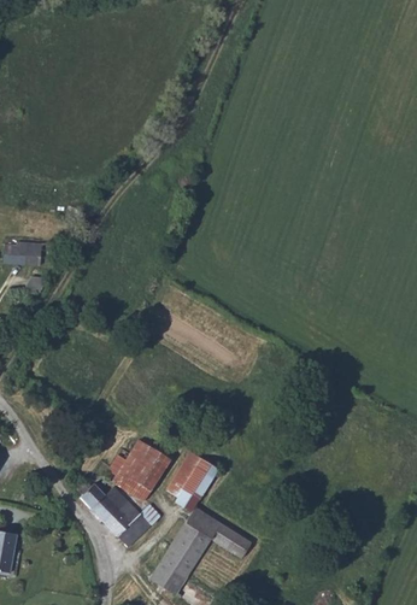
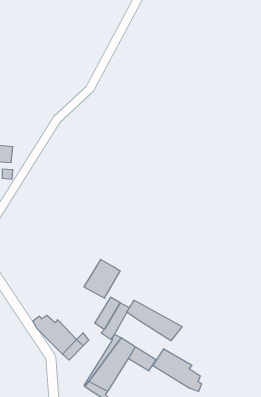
building: [114,442,168,499] -> [84,259,120,298]
building: none -> [127,300,182,341]
building: none -> [153,349,202,391]

